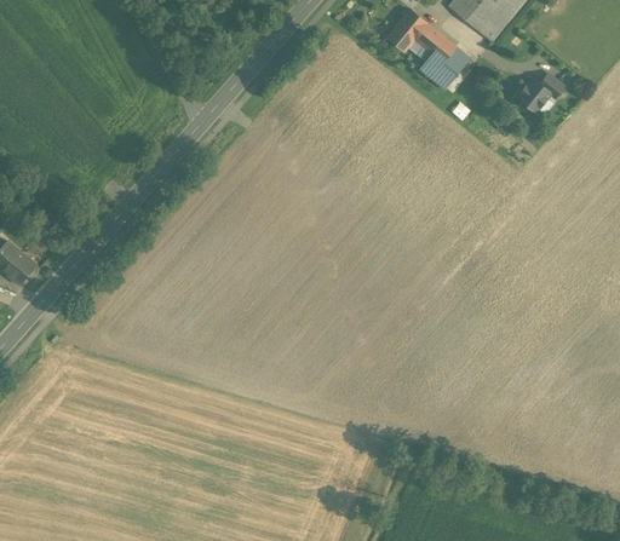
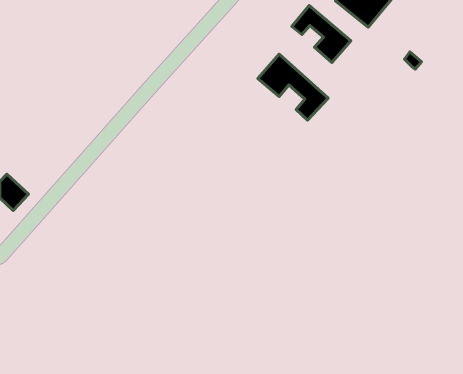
building: none -> [258,54,328,120]
building: [518,79,550,111] -> none

